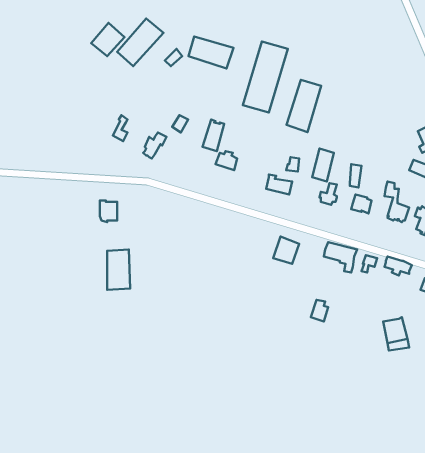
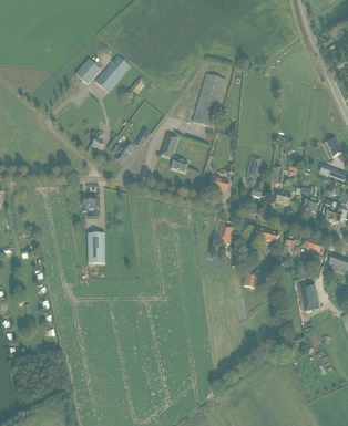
building: [188,36,234,68] -> none
building: [286,80,321,132] -> none

